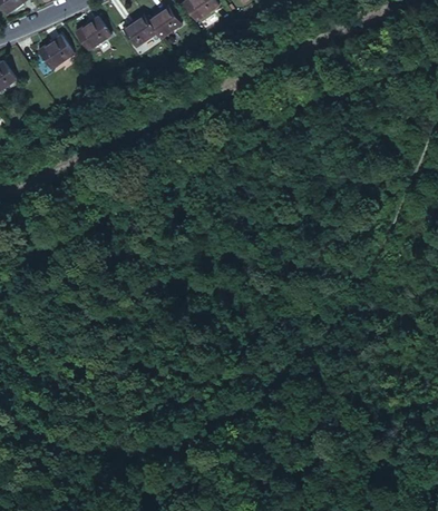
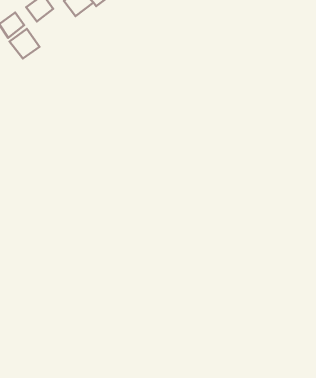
building: none -> [10,29,40,58]

